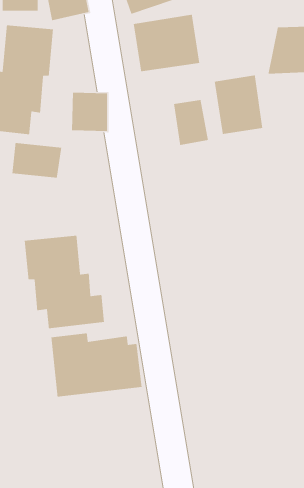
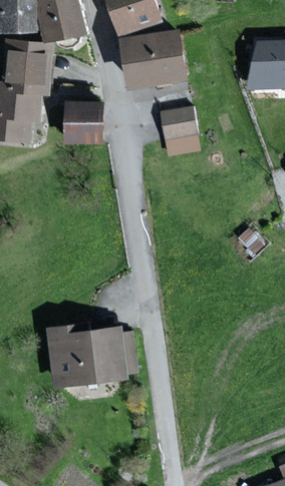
building: [214,75,263,135] -> none
building: [12,142,62,179] -> none
building: [24,235,105,329] -> none

